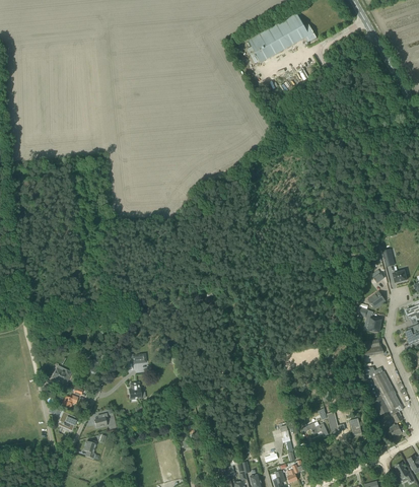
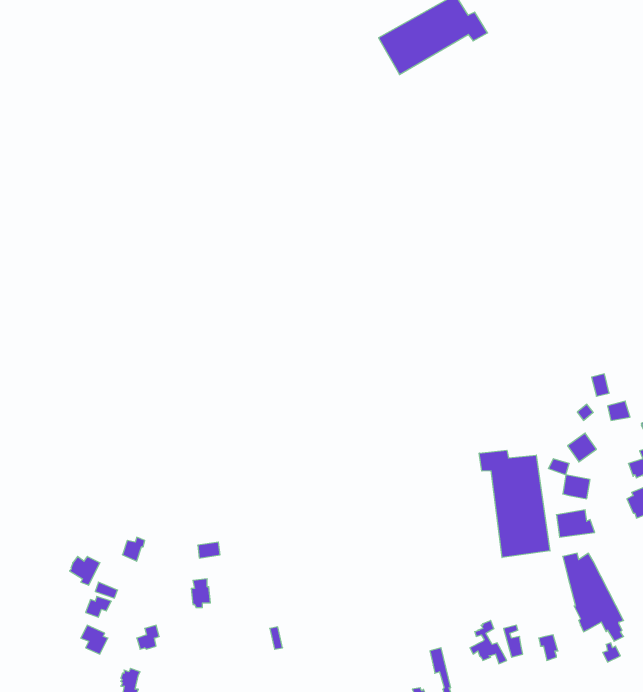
building: none -> [479,450,550,558]

